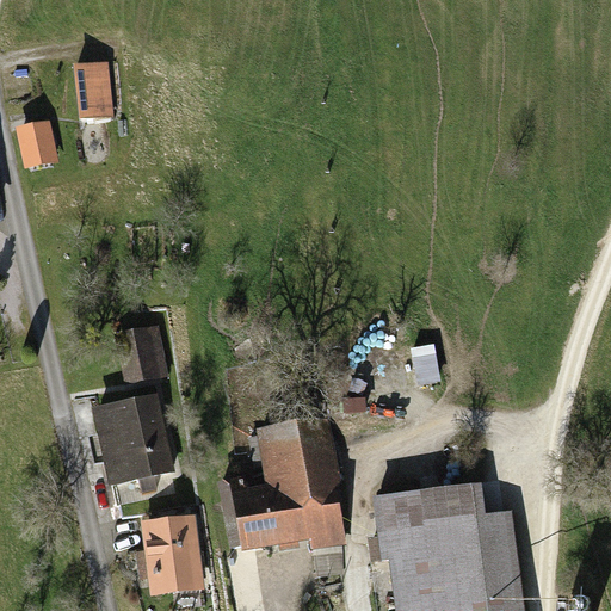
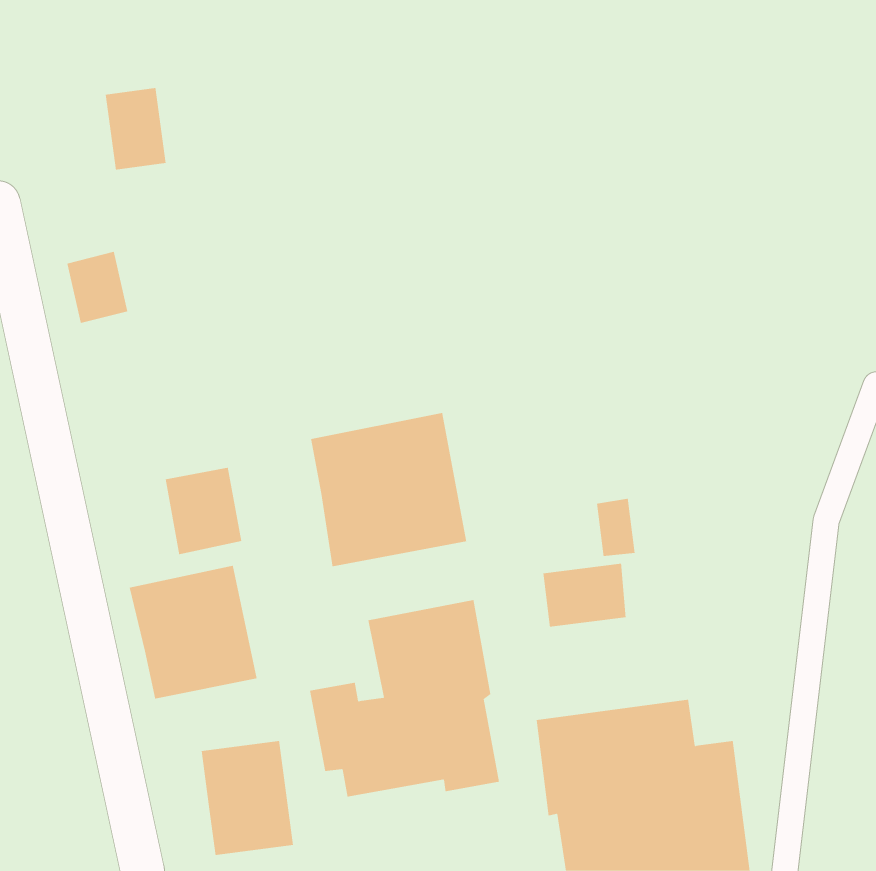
building: [17,118,60,168] -> [66,251,128,323]
building: none -> [311,412,467,567]
building: none -> [543,563,626,628]

